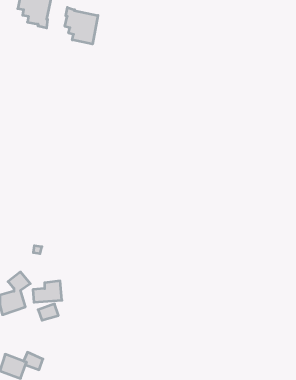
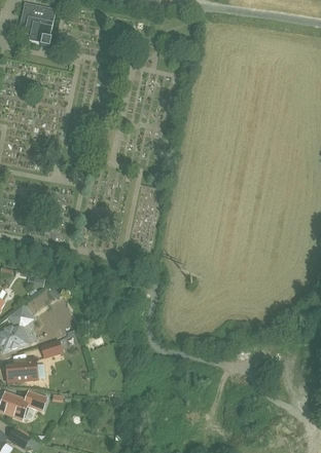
building: [65,7,98,44] -> none
building: [33,281,62,302] -> [7,357,38,380]

